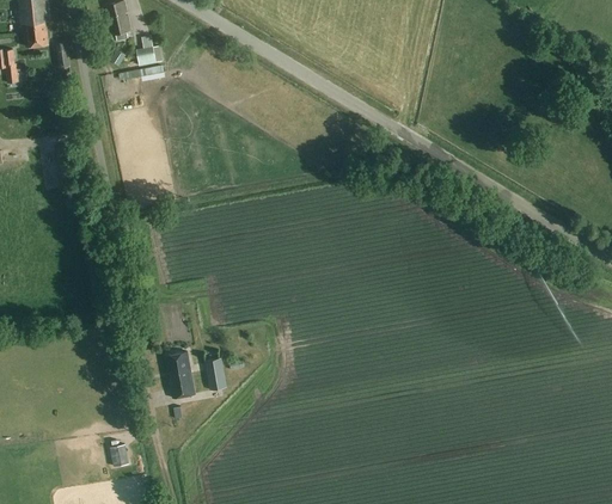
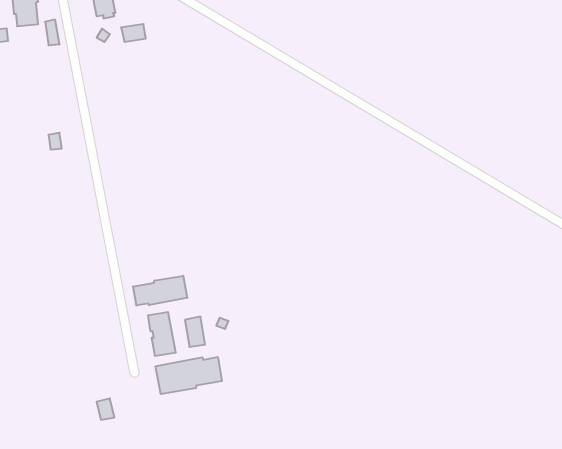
building: none -> [133,276,187,306]
building: none -> [156,357,222,394]

